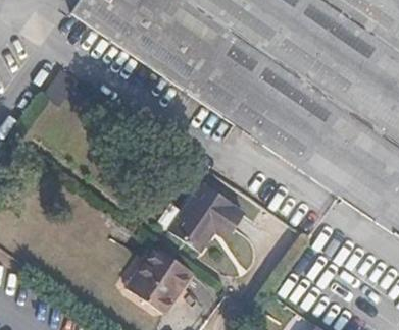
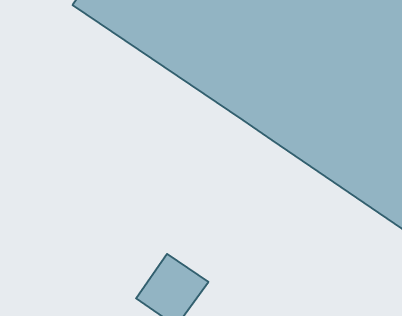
building: [171,178,244,249] -> none

